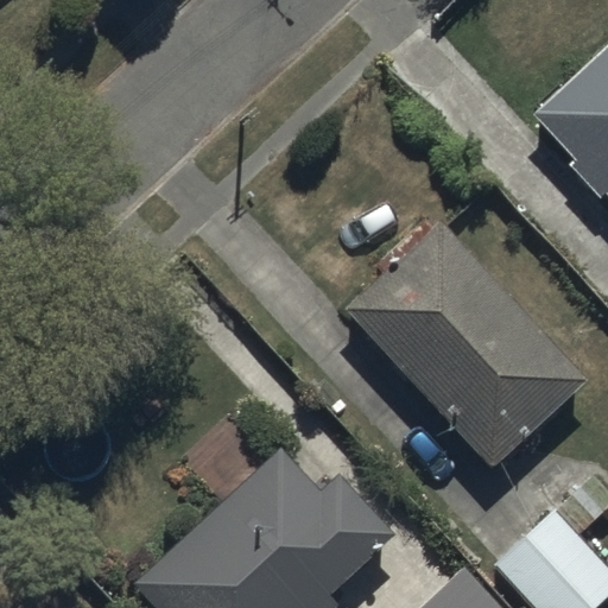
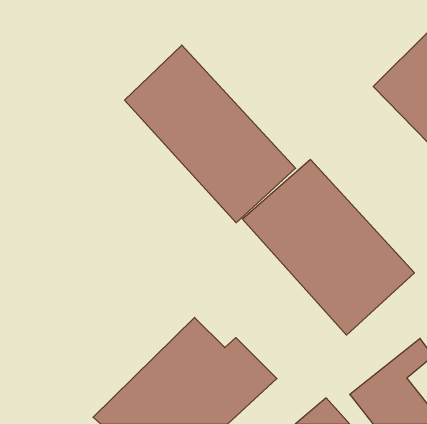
building: none -> [125,45,296,223]

